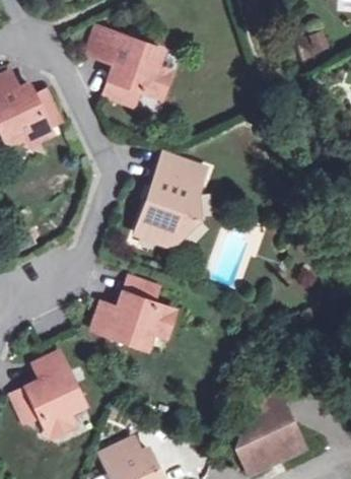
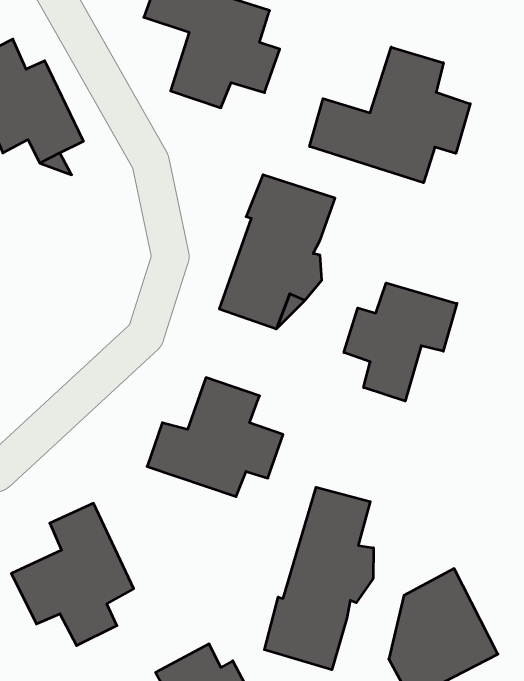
building: none -> [310,47,470,183]
building: none -> [344,283,457,401]
building: none -> [264,487,373,670]

